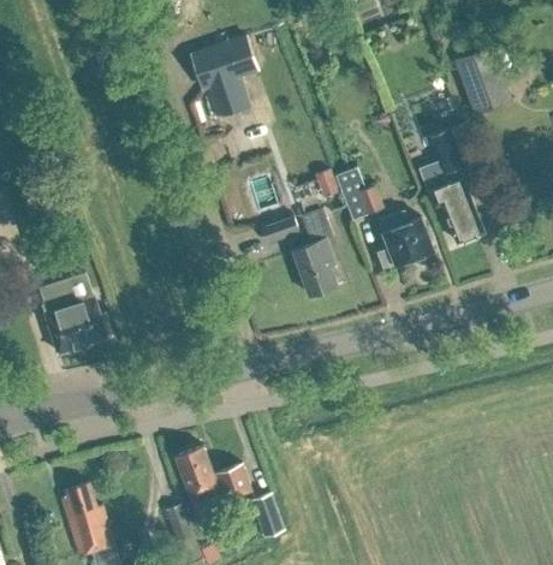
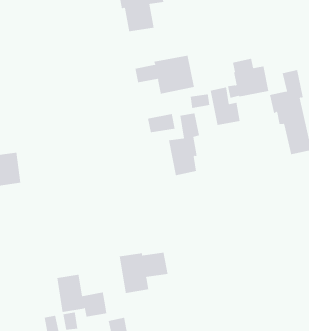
building: none -> [135,55,194,95]
building: [376,210,433,268] -> [227,58,269,98]
building: none -> [119,252,168,294]

